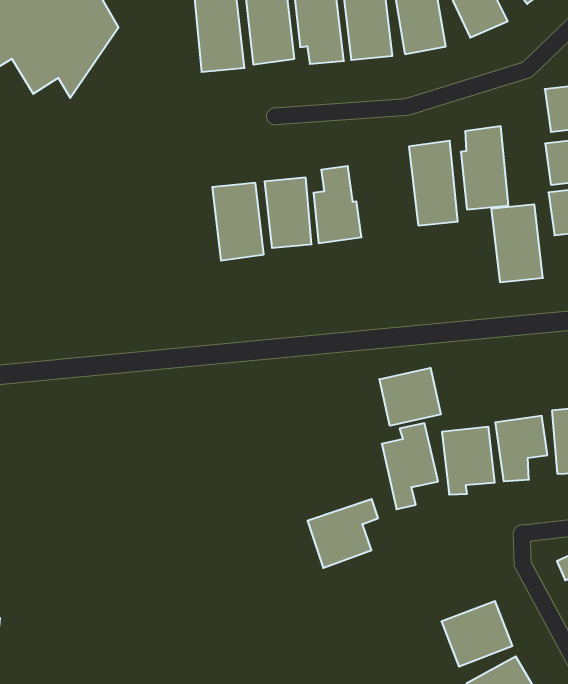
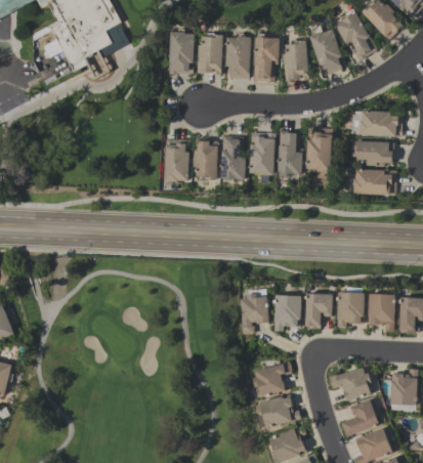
building: [491,204,543,282] -> [249,131,274,174]
building: [379,368,441,426] -> none
building: [307,499,378,568] -> [252,362,292,396]

